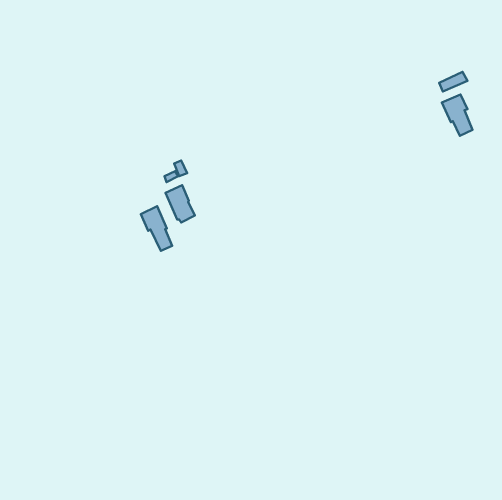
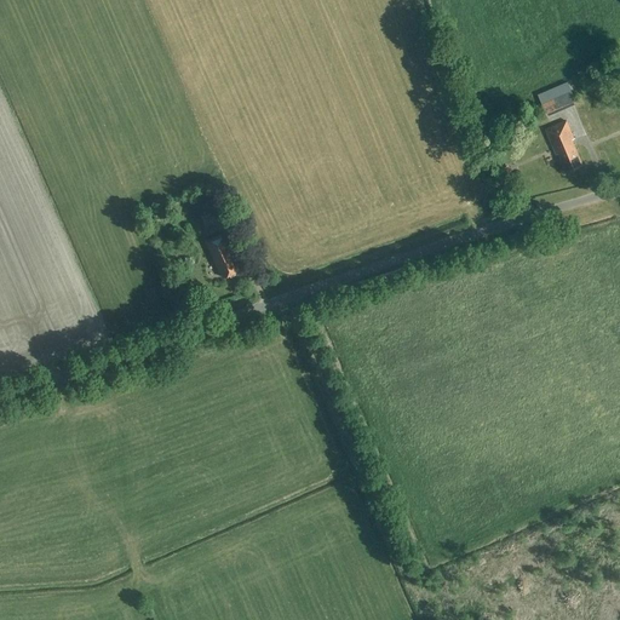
building: [141,206,172,251] -> none

